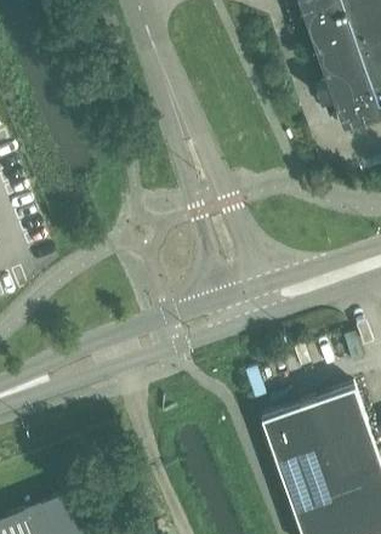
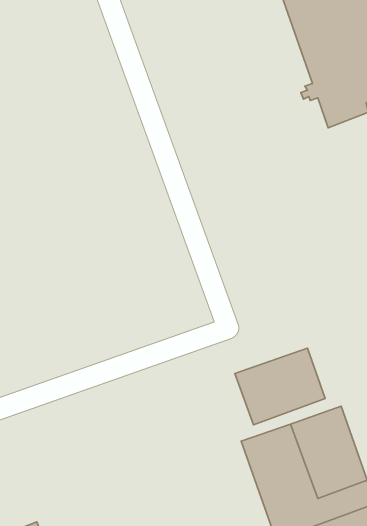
building: none -> [235,348,325,425]

